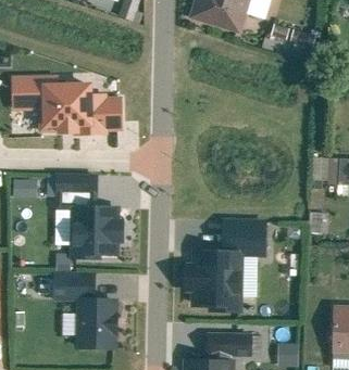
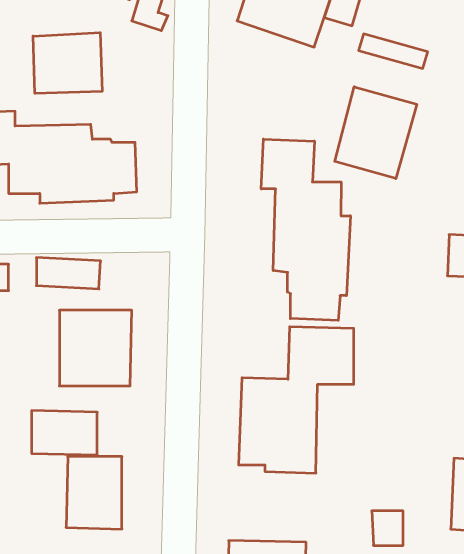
building: none -> [33,33,102,93]
building: none -> [335,87,417,179]
building: none -> [261,139,350,320]
building: [207,334,252,357] -> none

